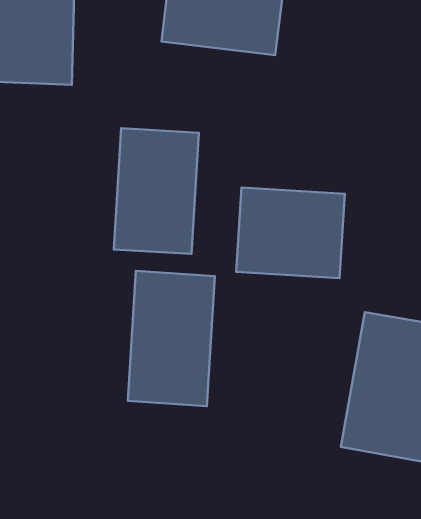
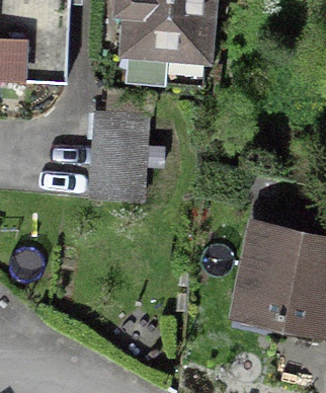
building: [236,187,345,278] -> none
building: [128,271,215,406] -> none

